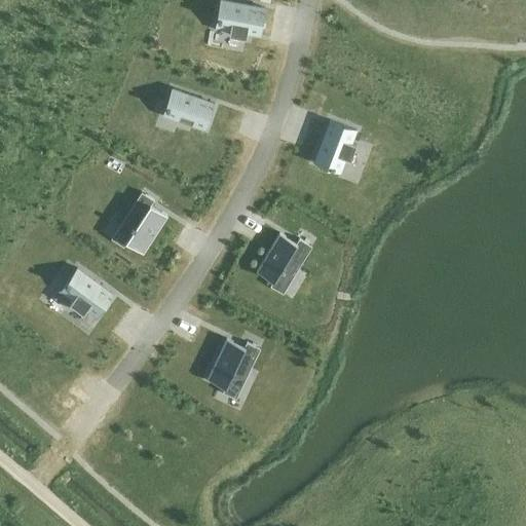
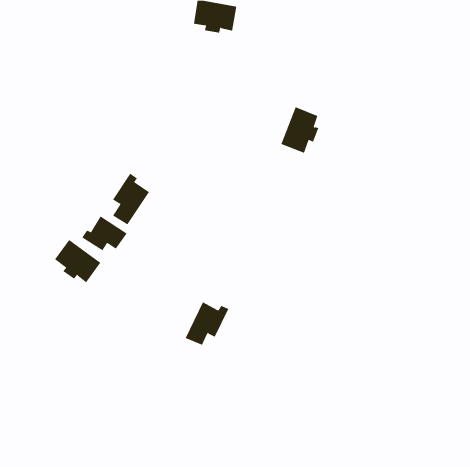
building: [162,90,215,132] -> none
building: [256,235,308,284] -> none
building: none -> [81,215,127,251]

